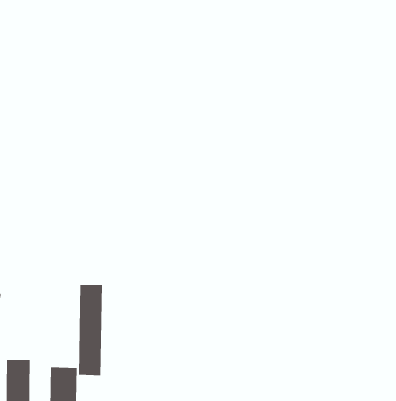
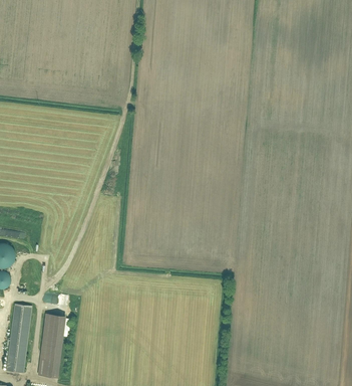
building: [78,284,103,376] -> none

